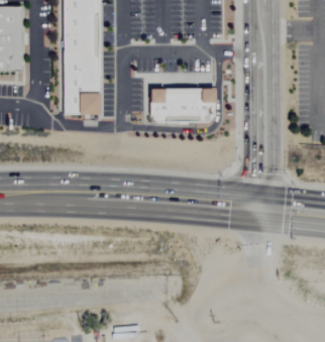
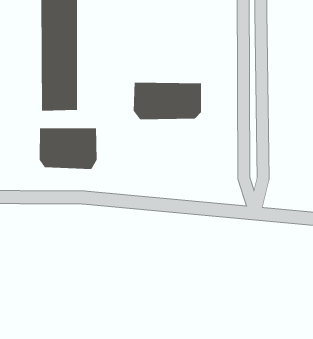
building: none -> [39,127,97,170]

